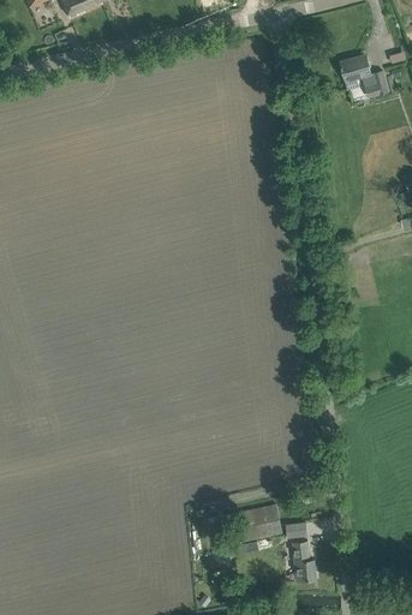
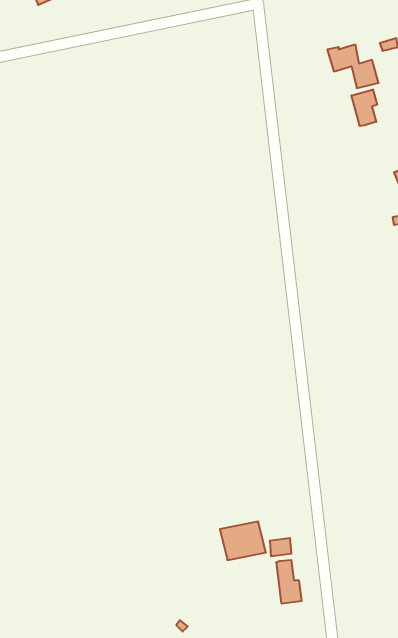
building: none -> [351,89,377,126]

